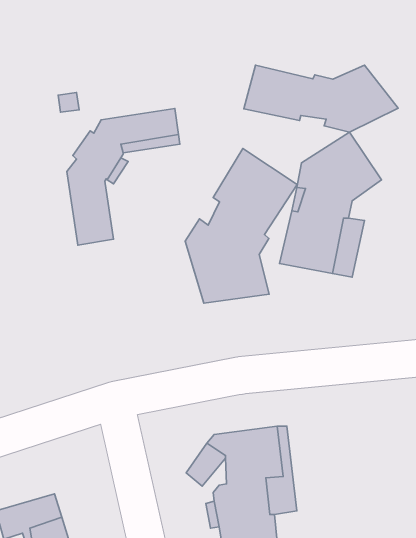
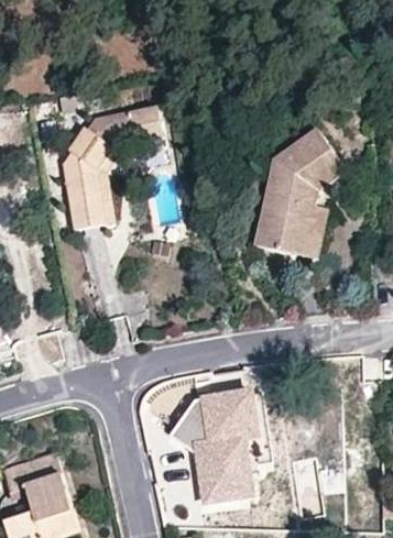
building: [244,65,398,132] -> none
building: [185,148,297,303] -> none

